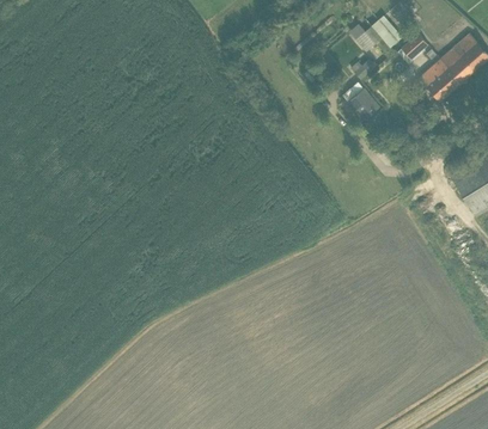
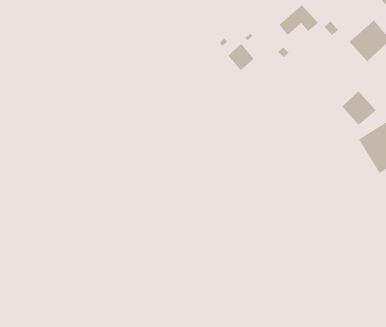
building: [421,56,463,98] -> [341,90,377,126]
building: [349,85,382,118] -> [227,43,255,71]

